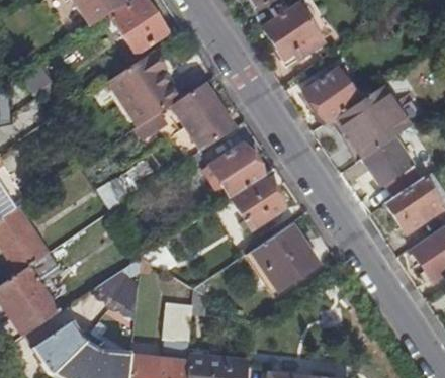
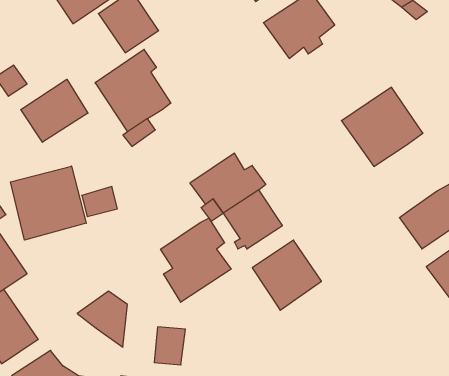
building: [305,67,359,119] -> none
building: none -> [21,79,88,142]
building: [172,84,233,151] -> none
building: [363,137,422,198] -> none
building: none -> [11,166,86,240]
building: none -> [161,218,231,302]

